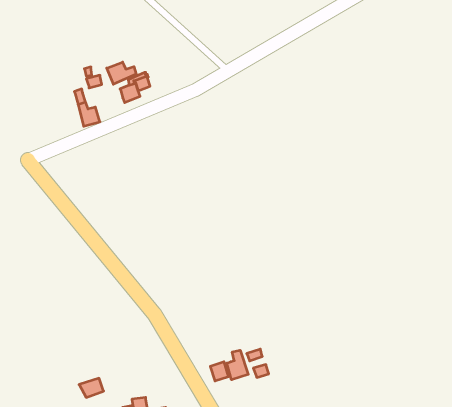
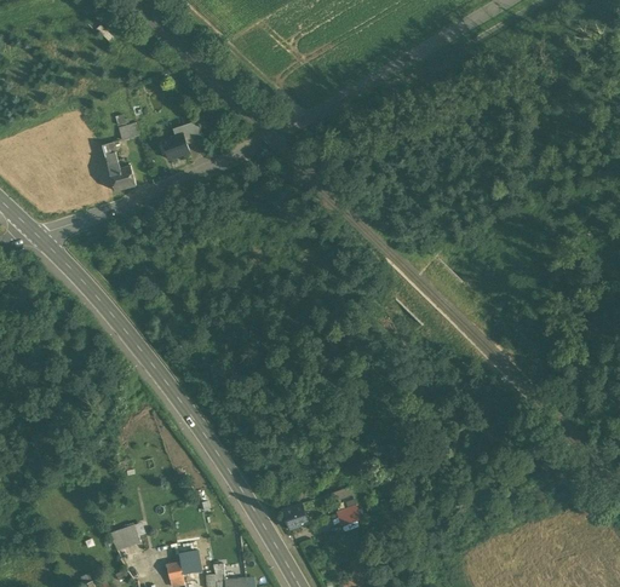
building: [107,62,136,84] -> none
building: [227,350,248,380] -> none

